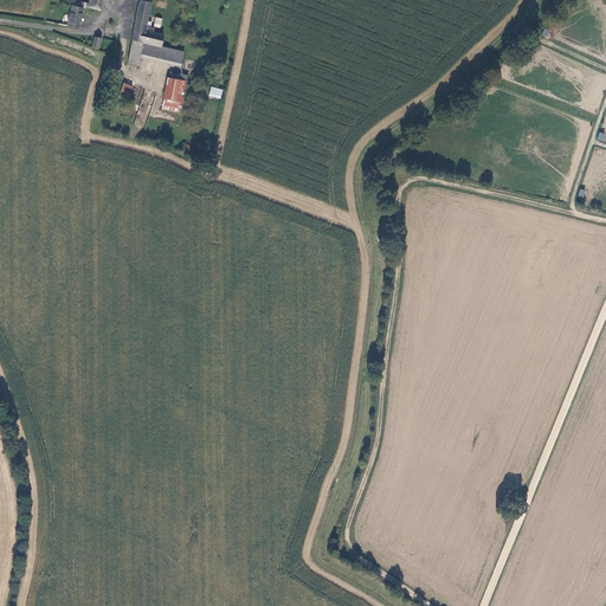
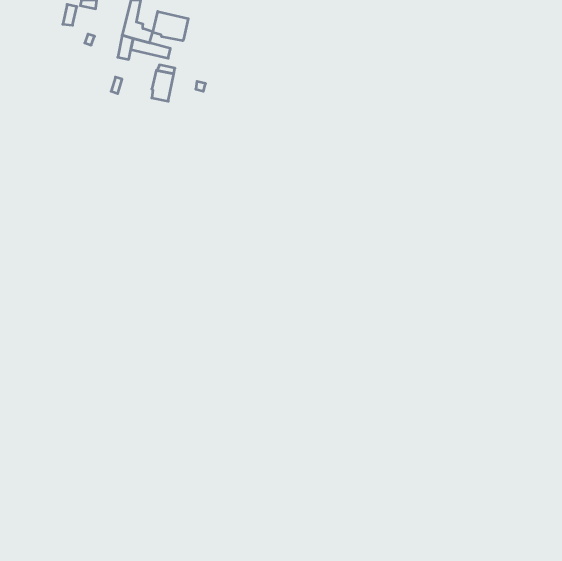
building: none -> [153,11,188,41]

